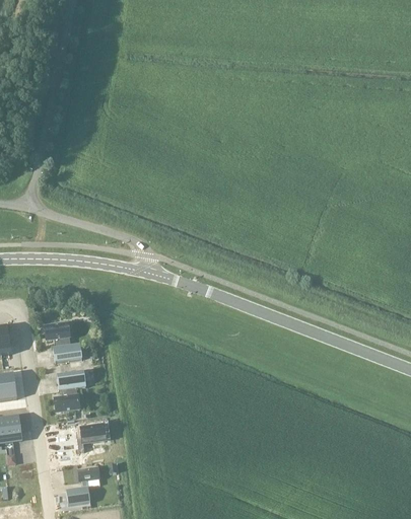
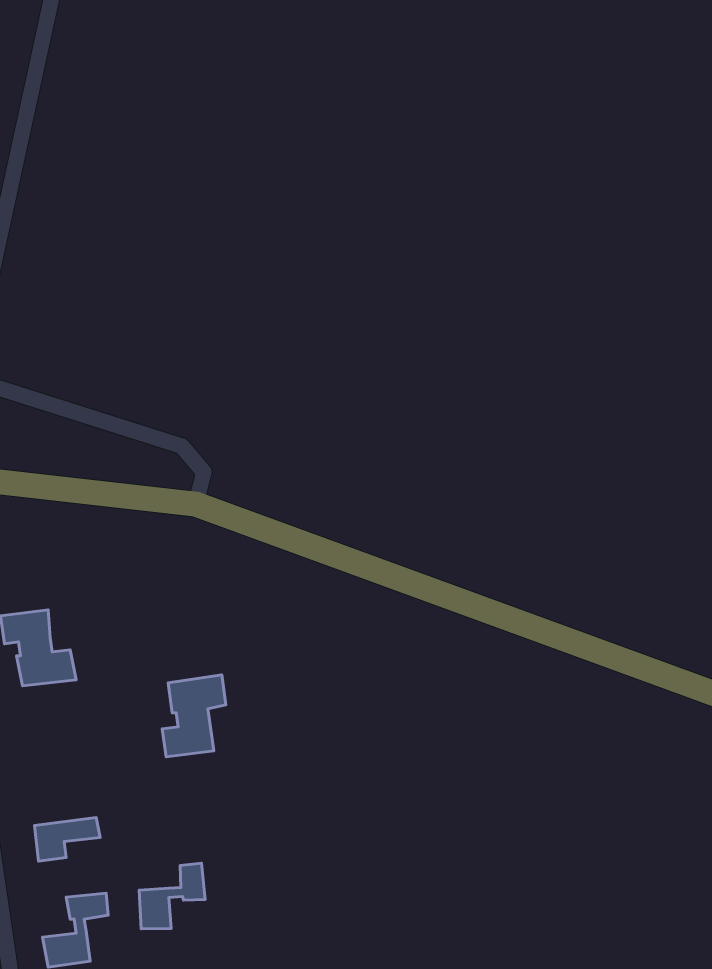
building: [53,370,85,412] -> [162,675,226,757]
building: none -> [139,863,205,929]

